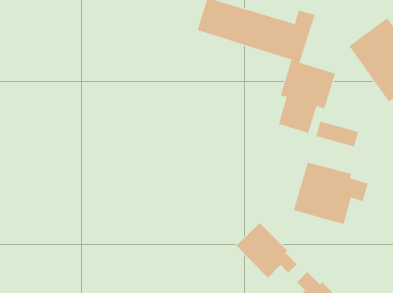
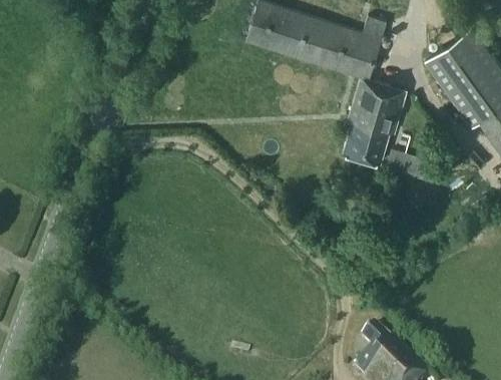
building: [293,162,368,225] -> none
building: [235,222,297,279] -> none

